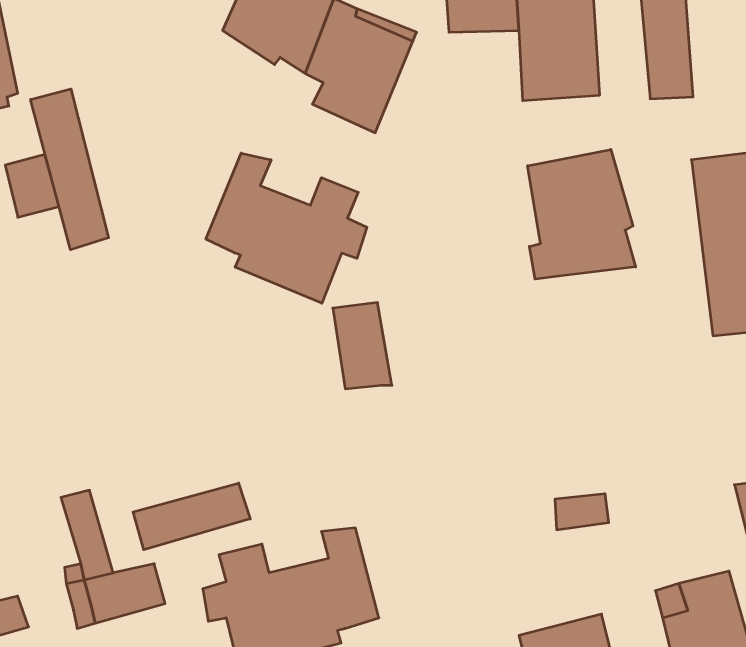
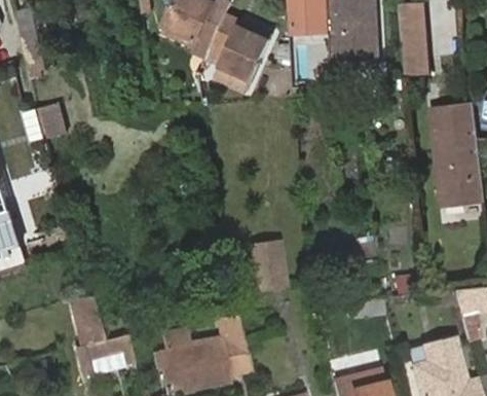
building: [31,89,109,250] -> none
building: [528,149,636,279] -> none
building: [206,153,367,303] -> none
building: [333,303,392,389] -> [249,242,283,291]
building: [133,483,250,550] -> none

